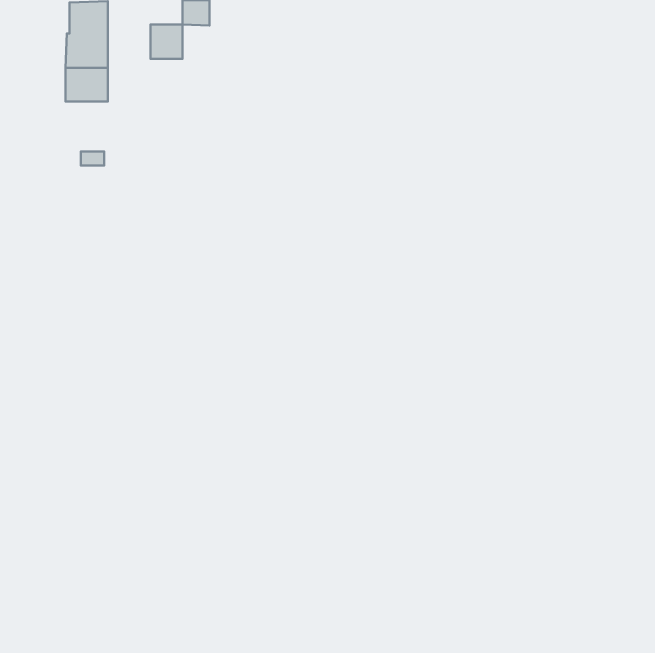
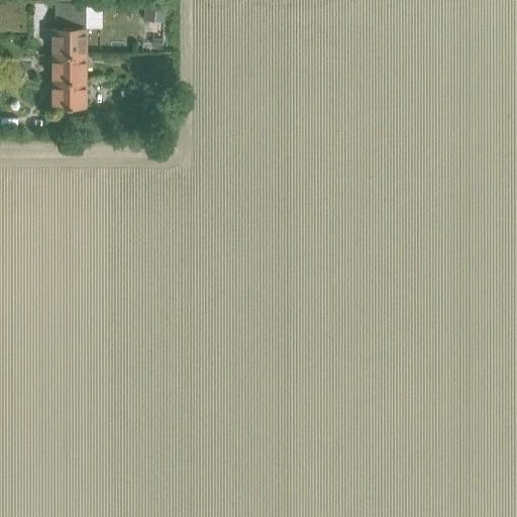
building: [150,24,182,59] -> none
building: none -> [53,82,86,109]

